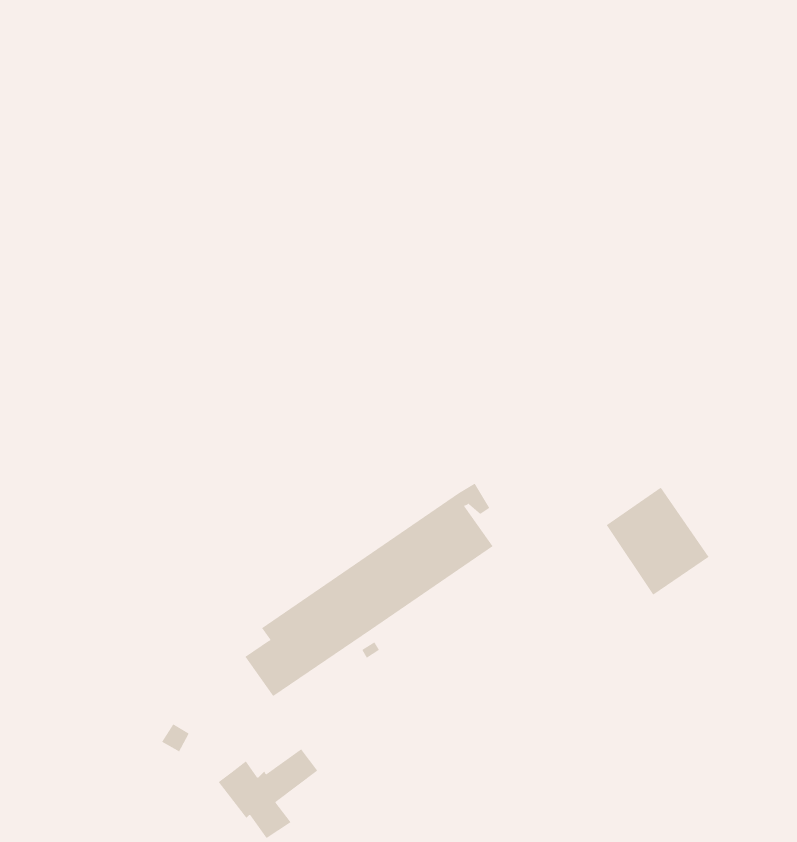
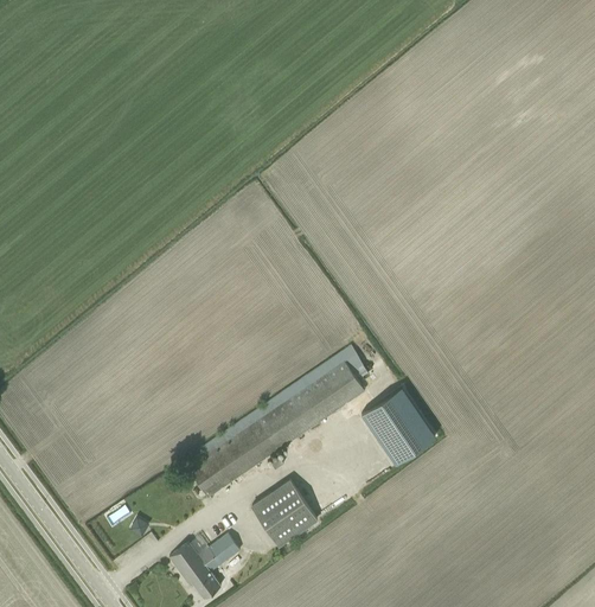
building: [606,487,710,595] -> [362,386,435,464]
building: none -> [251,480,316,545]

